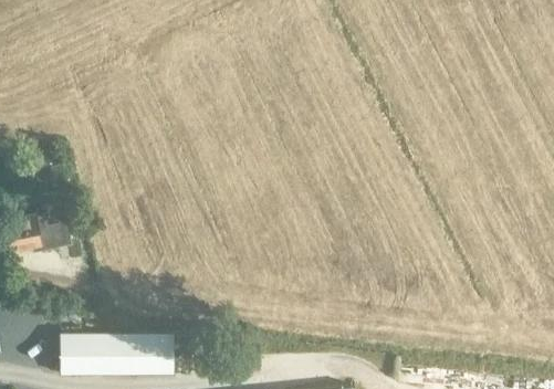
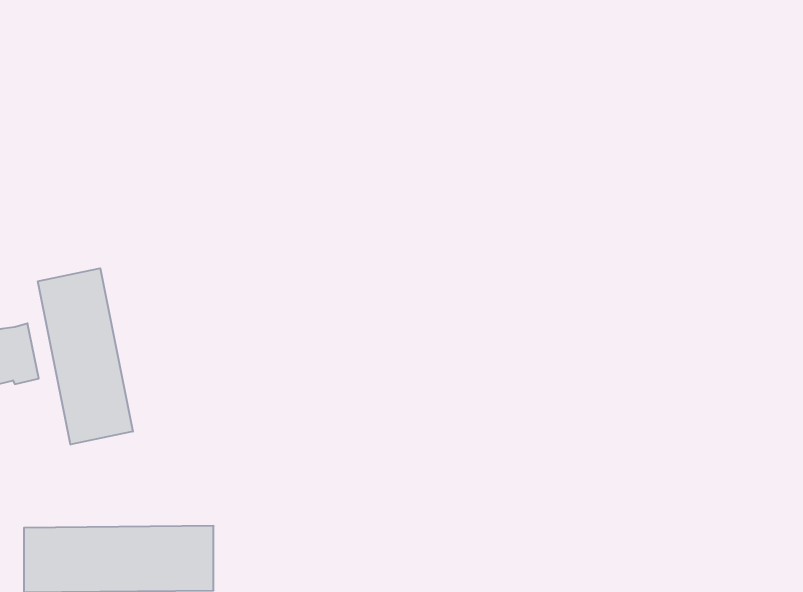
building: none -> [38,268,133,445]

